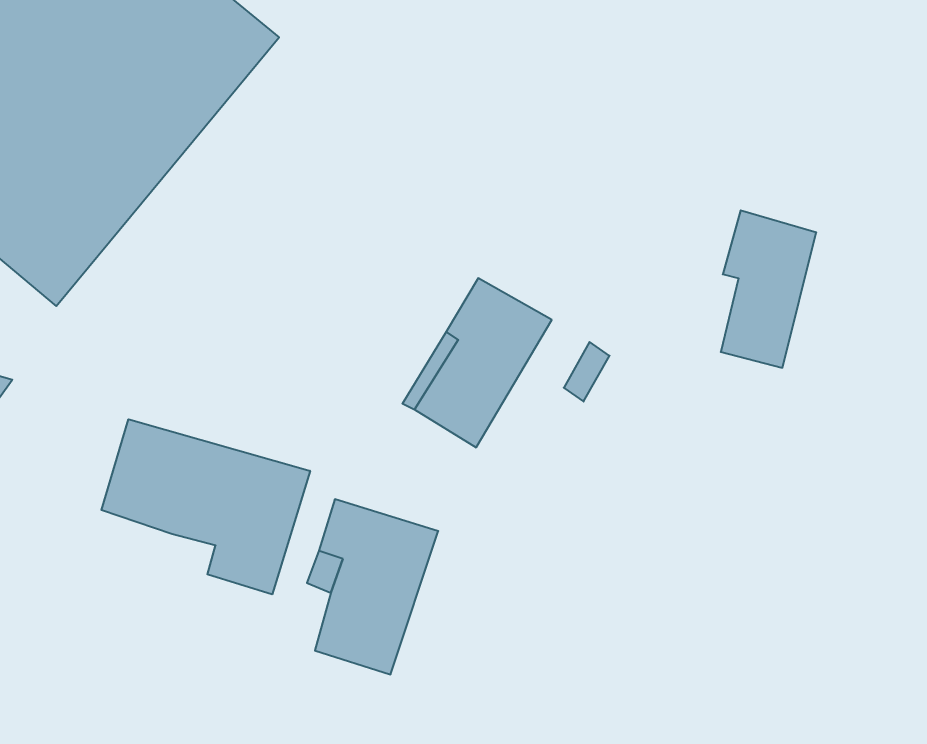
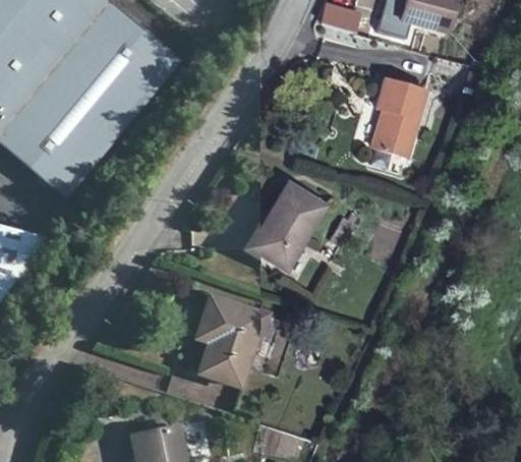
building: [721,210,816,368] -> [371,77,420,158]
building: [101,419,310,594] -> none

